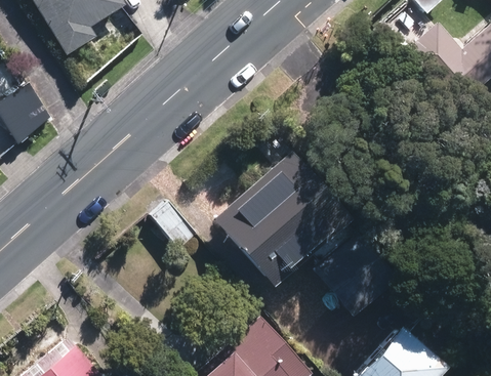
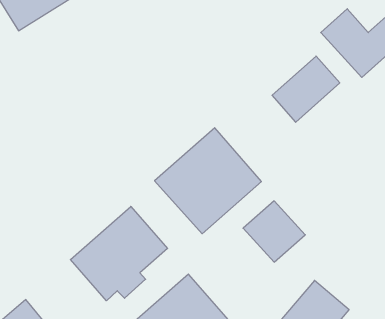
building: none -> [272,56,340,122]
building: none -> [70,206,168,301]

